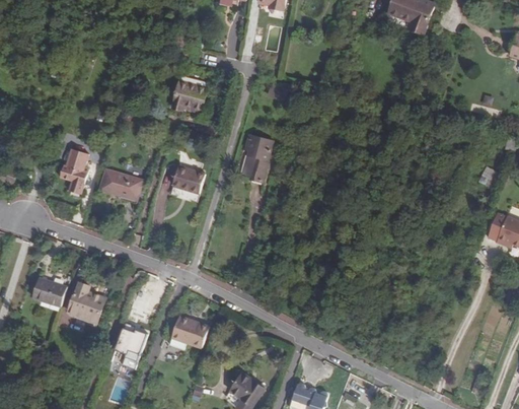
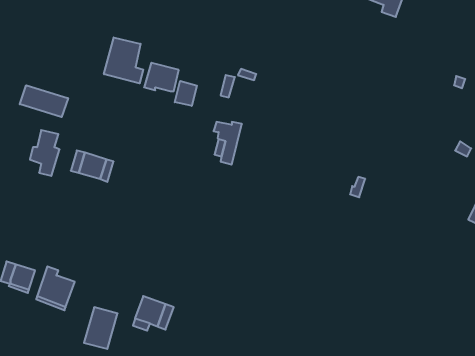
building: none -> [104,37,143,83]
building: none -> [175,81,197,106]
building: none -> [20,85,68,117]
building: [170,163,204,198] -> none

